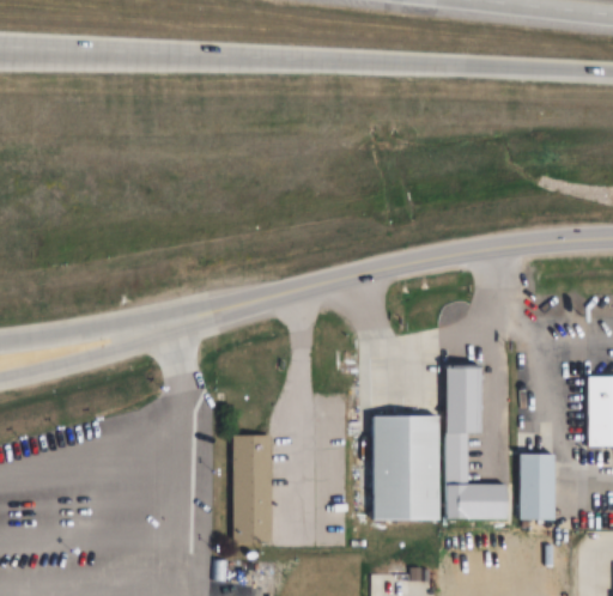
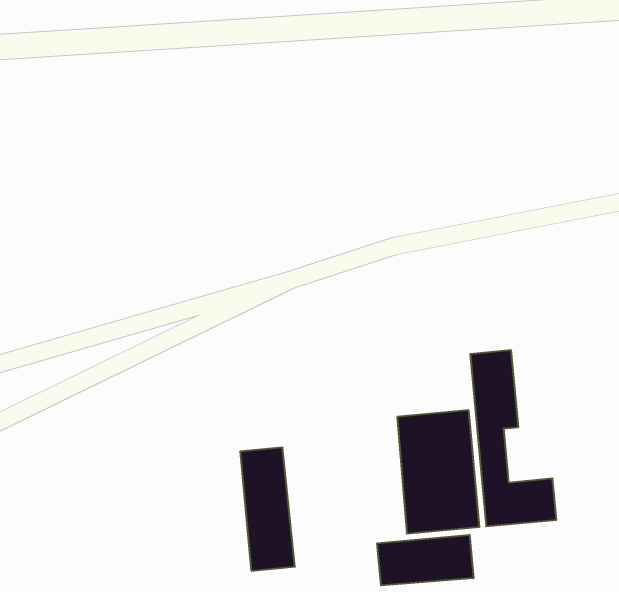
building: [520,454,556,522] -> none
building: none -> [377,535,474,585]

